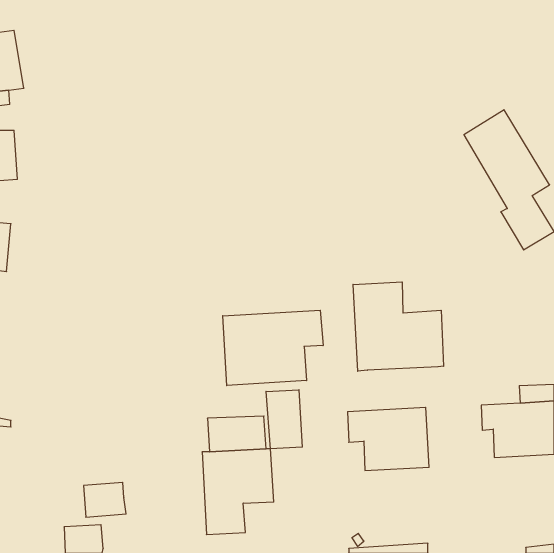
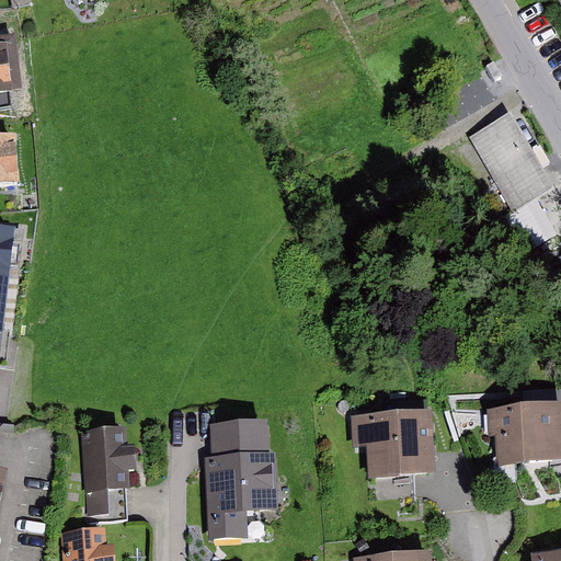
building: [353,282,444,371] -> none
building: [223,310,323,386] -> none
building: [266,390,302,449] -> none
building: none -> [79,427,135,490]

